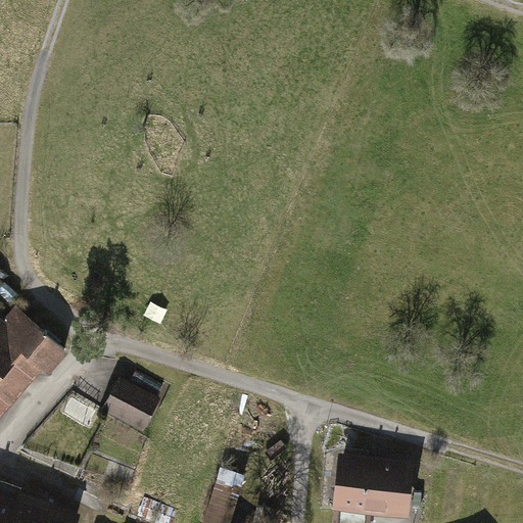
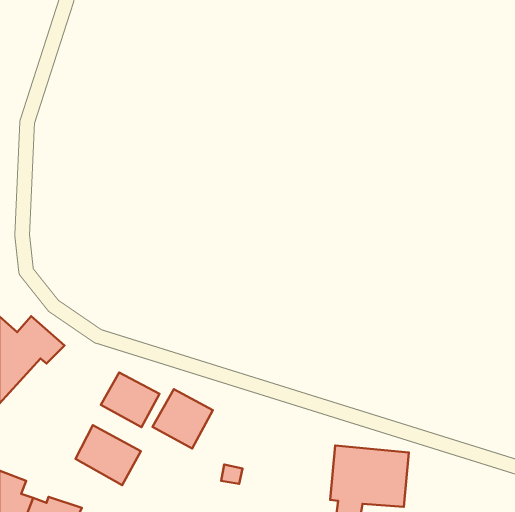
building: none -> [153,389,213,448]
building: none -> [75,425,141,485]

